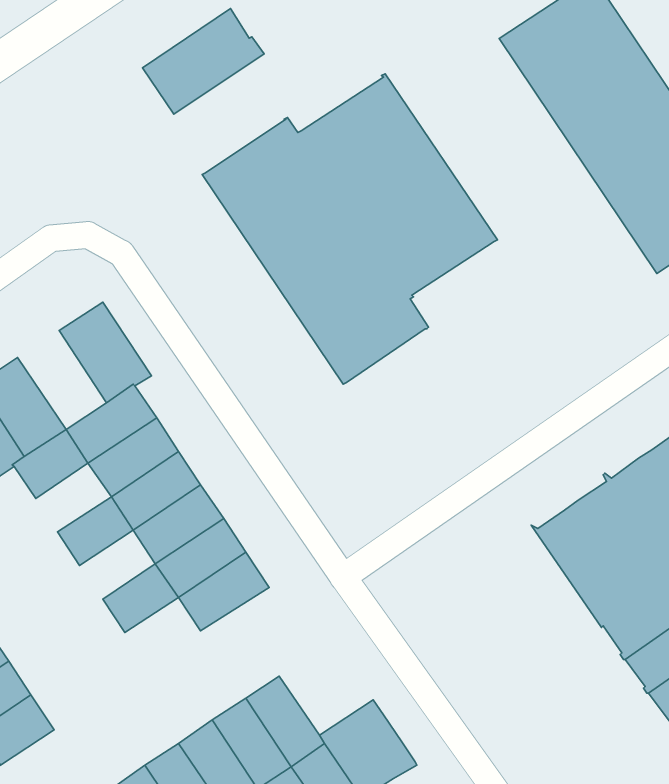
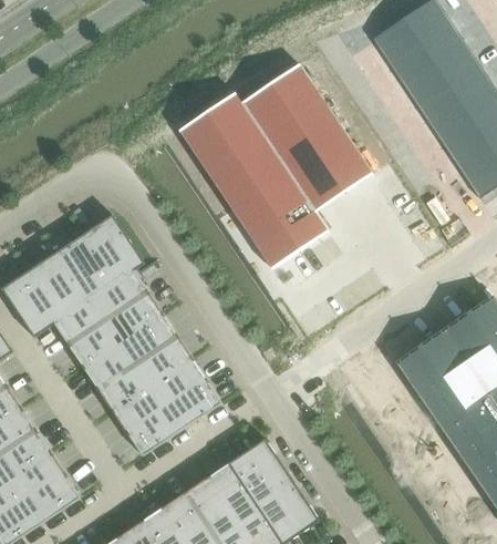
building: [143,9,264,114] -> none
building: none -> [56,234,115,299]
building: none -> [69,321,118,367]
building: none -> [97,366,147,411]
building: none -> [127,410,177,455]
building: none -> [229,438,291,501]

